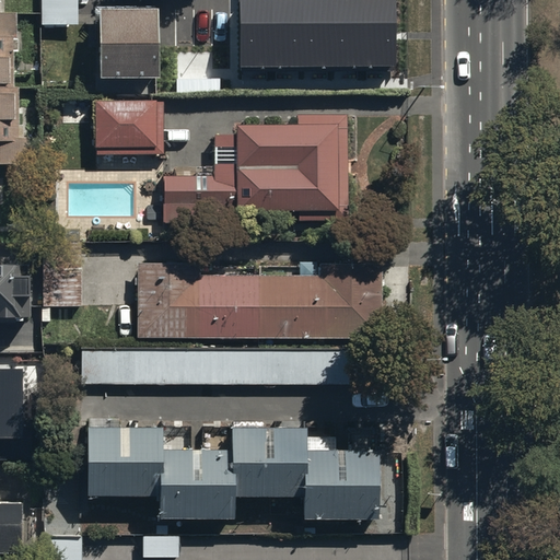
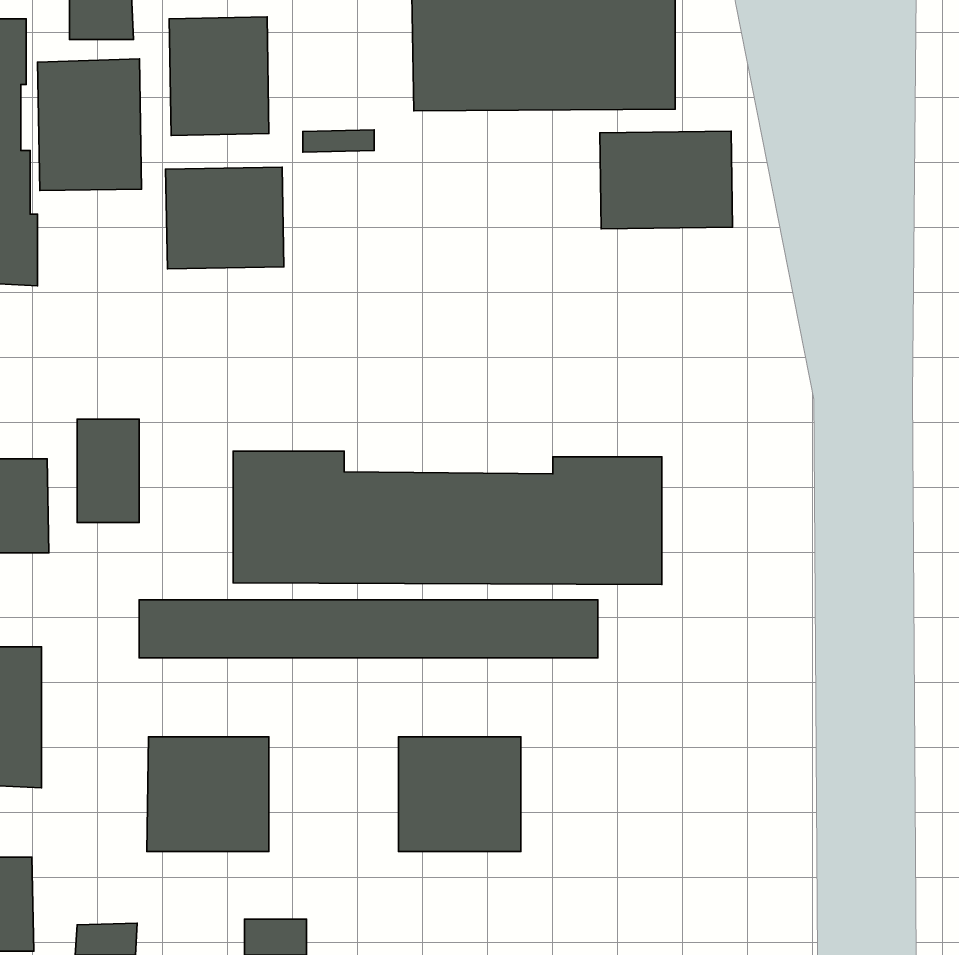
building: none -> [38,59,142,191]
building: none -> [600,131,732,229]
building: [166,113,349,219] -> none
building: [305,451,376,517] -> none
building: [159,452,230,518] -> none

